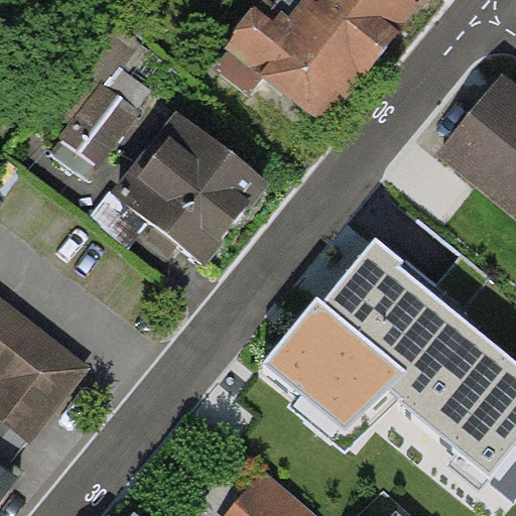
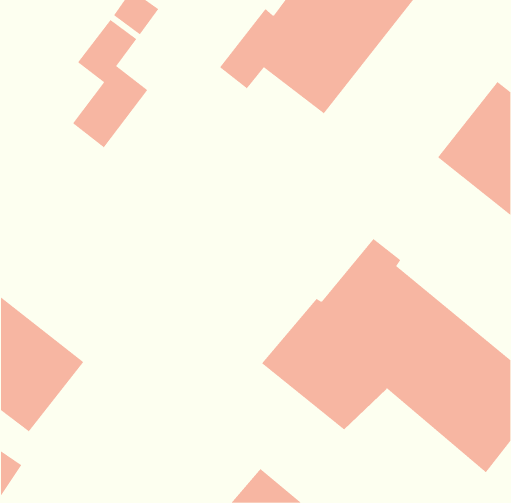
building: [119,117,264,260] -> none

